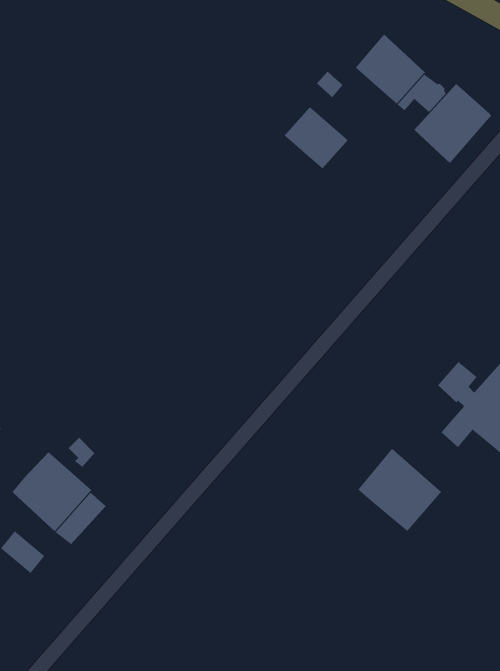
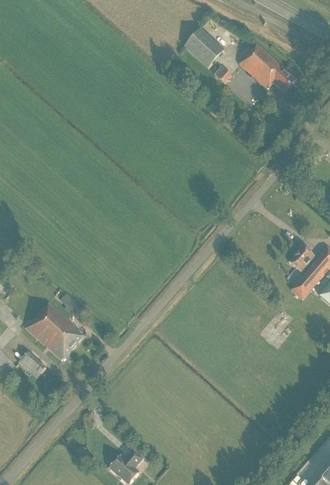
building: [414,83,492,164] -> none
building: [284,106,348,169] -> [183,27,223,66]
building: [357,448,442,532] -> none

